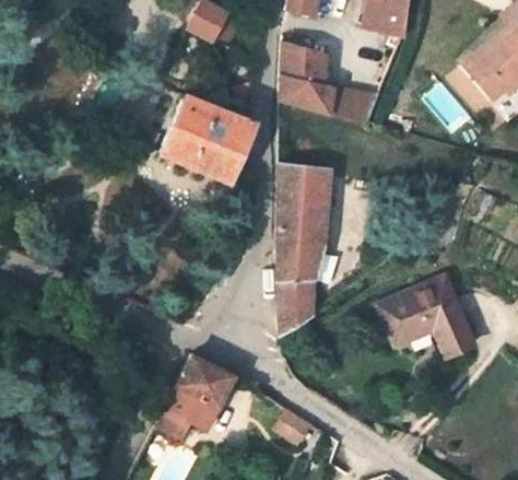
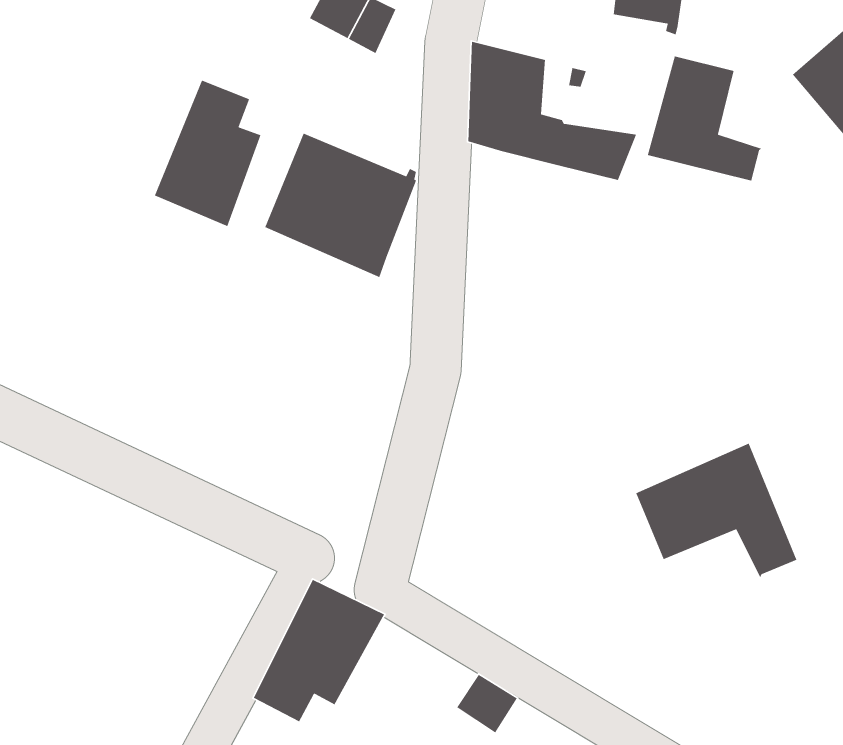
building: none -> [647,55,763,182]
building: none -> [154,80,261,227]
building: [276,164,329,333] -> none

